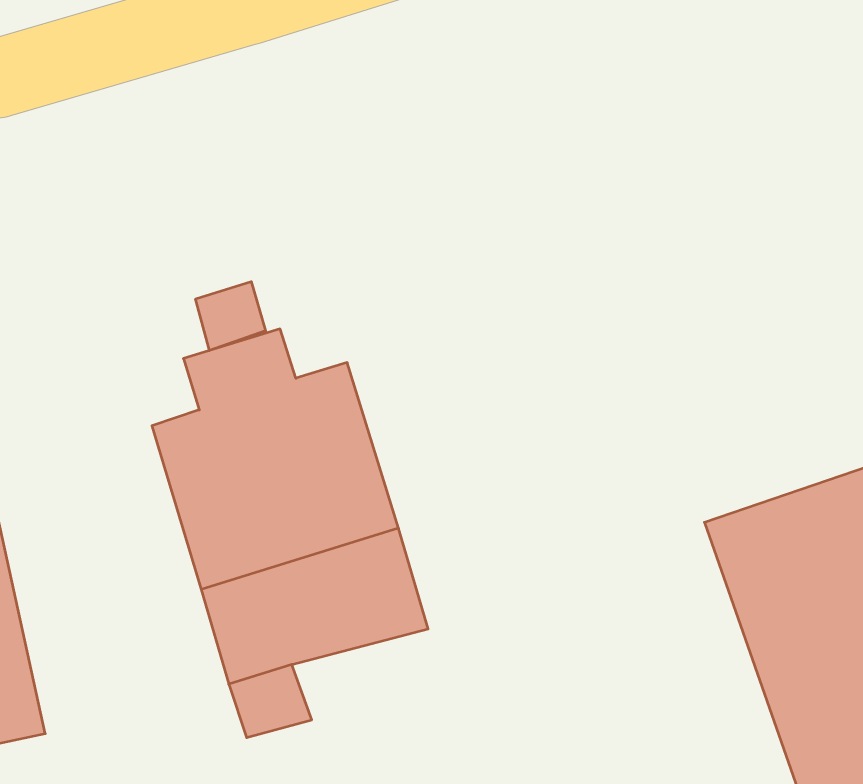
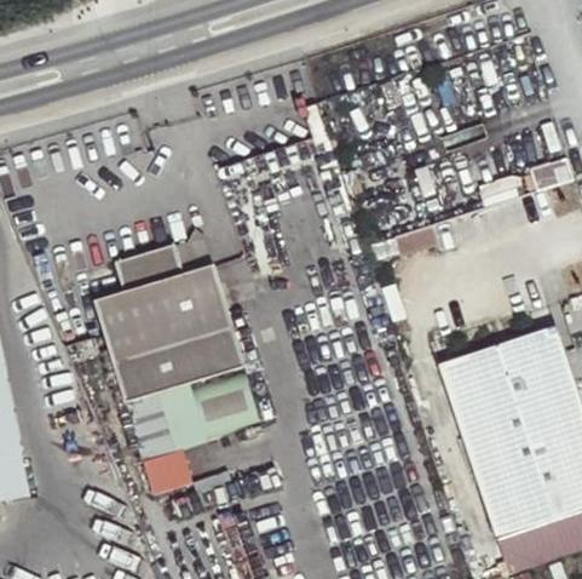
building: [196,282,266,351] -> none

